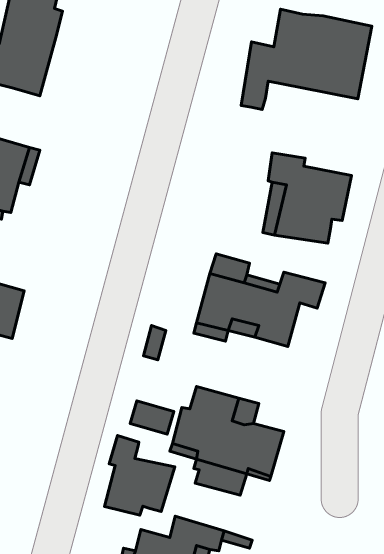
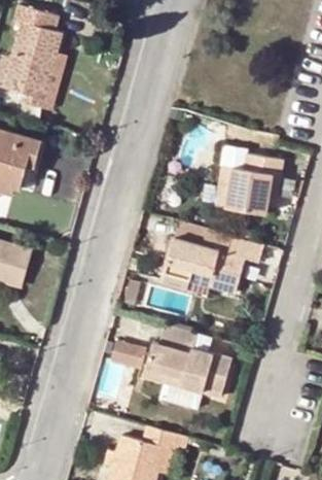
building: [241,9,372,110] -> none
building: none -> [19,54,66,111]
building: [104,436,175,515] -> none

